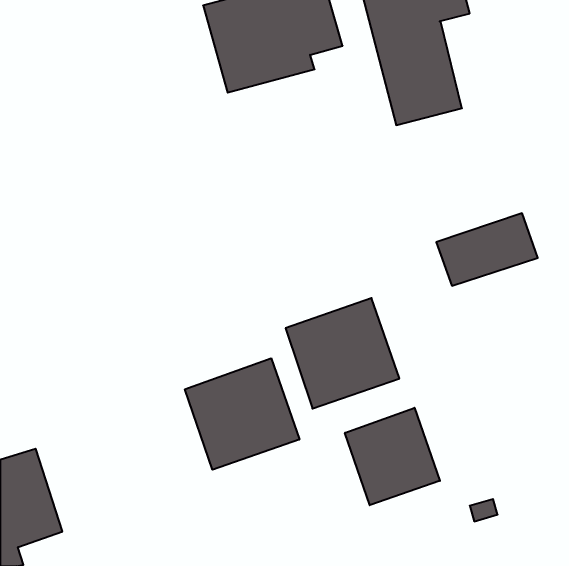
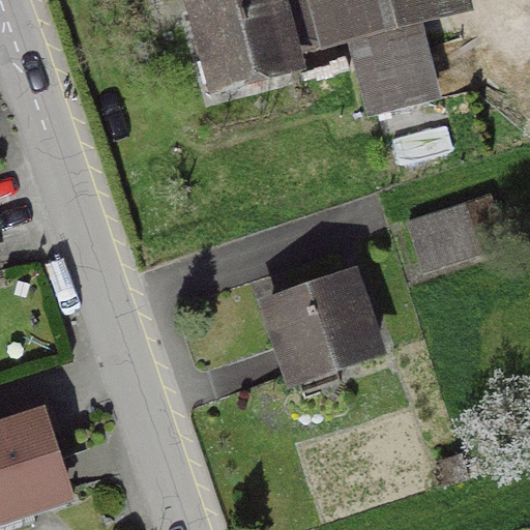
building: [185,358,299,470] -> none
building: [345,408,440,505] -> none

